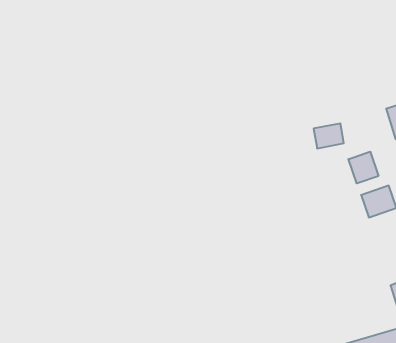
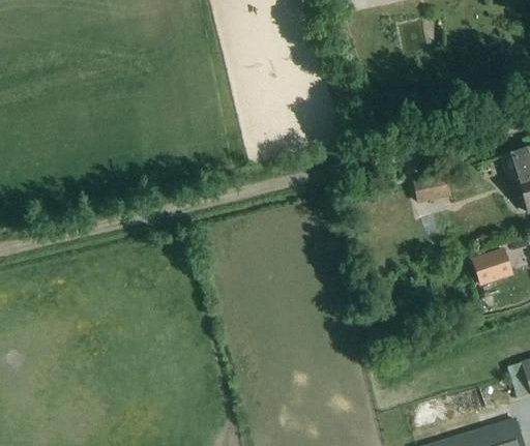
building: [348,152,378,183] -> none

